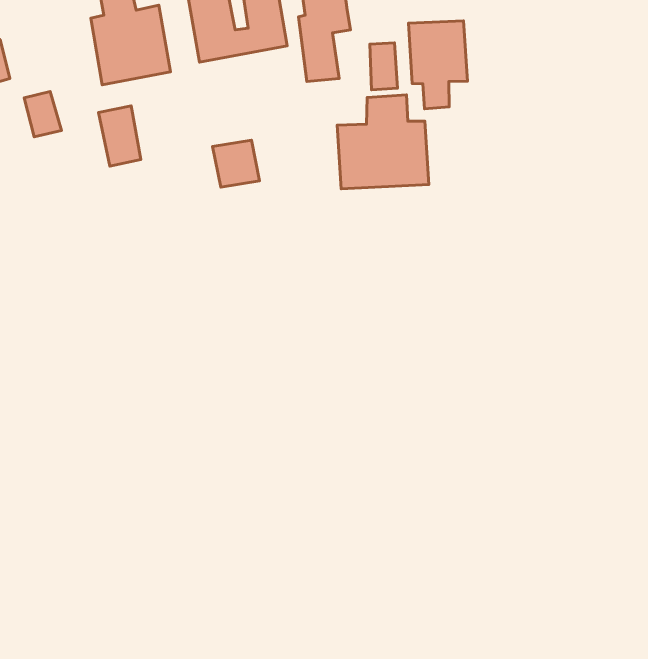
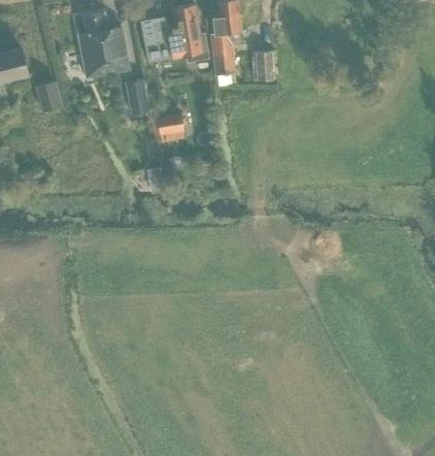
building: [409,21,467,109] -> none
building: [337,95,429,189] -> none
building: [99,106,141,166] -> [124,77,150,116]

